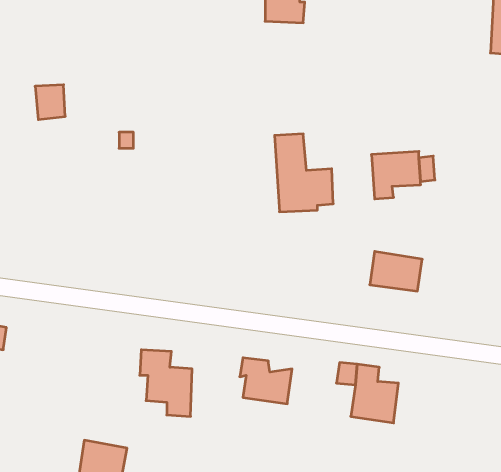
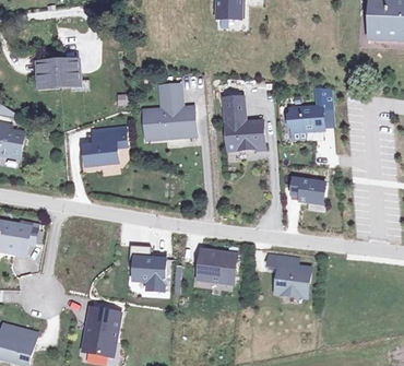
building: none -> [38,62,59,86]
building: none -> [142,82,193,137]
building: none -> [83,127,124,165]

